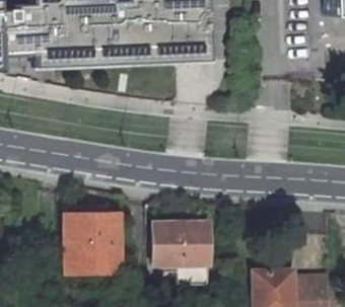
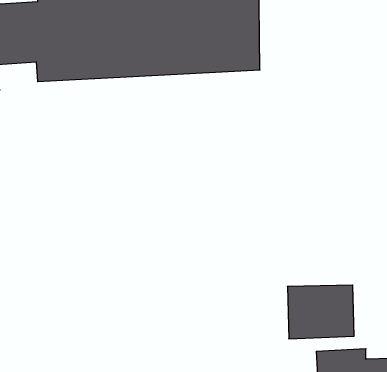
building: [70,215,120,271] -> none
building: [157,225,209,266] -> [287,285,354,339]

